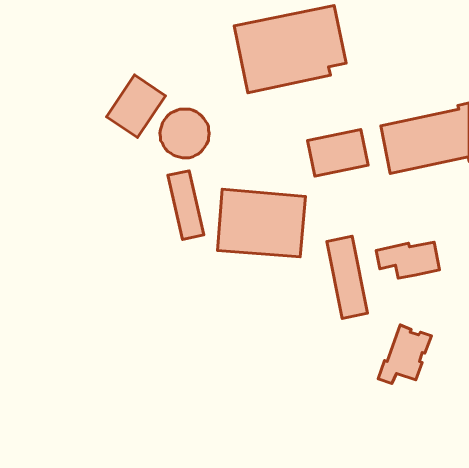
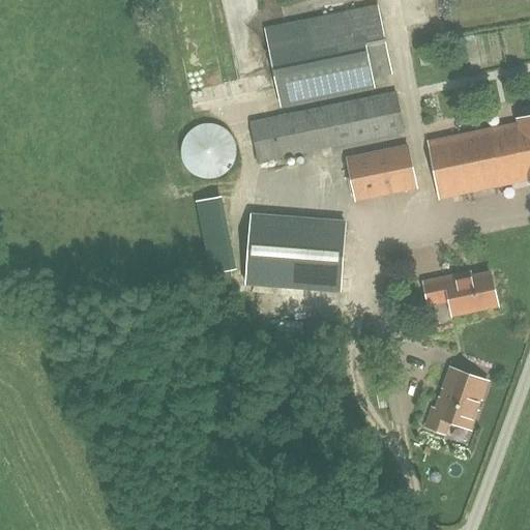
building: [106,75,166,138] -> none
building: none -> [251,92,403,160]
building: [327,236,368,319] -> none

